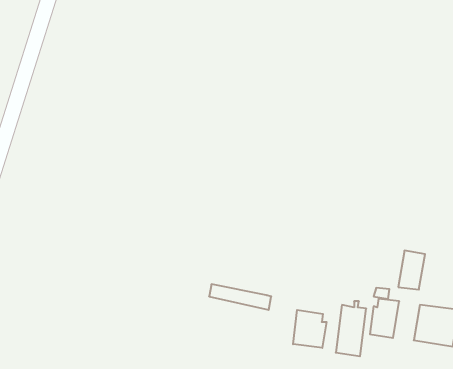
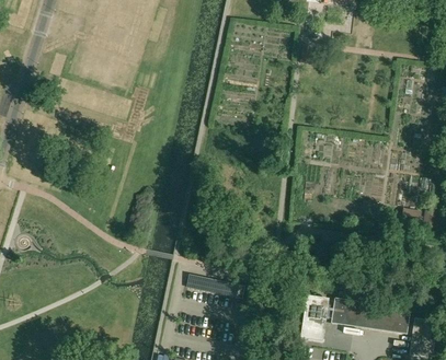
building: [398,251,425,290] -> [354,293,378,328]
building: [293,310,327,348] -> none

